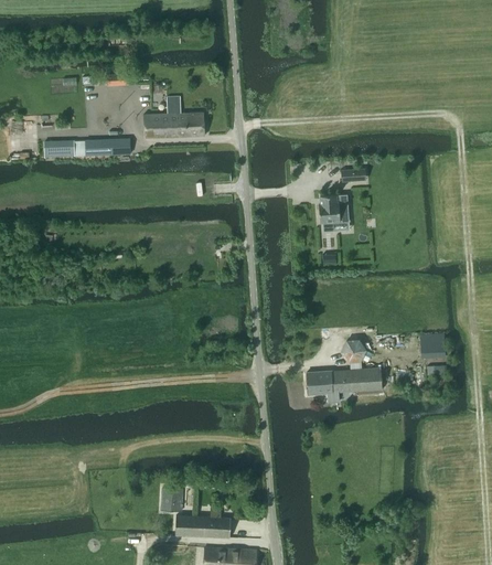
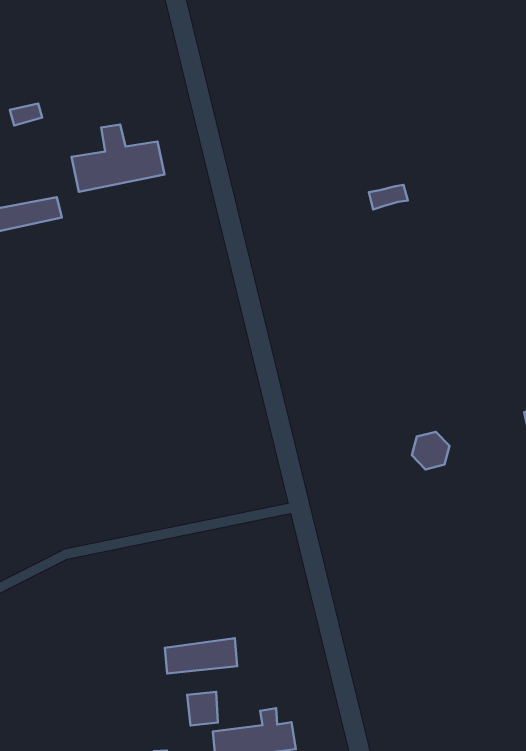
building: [318,194,349,232] -> none
building: [307,366,382,403] -> none
building: none -> [165,638,237,674]

